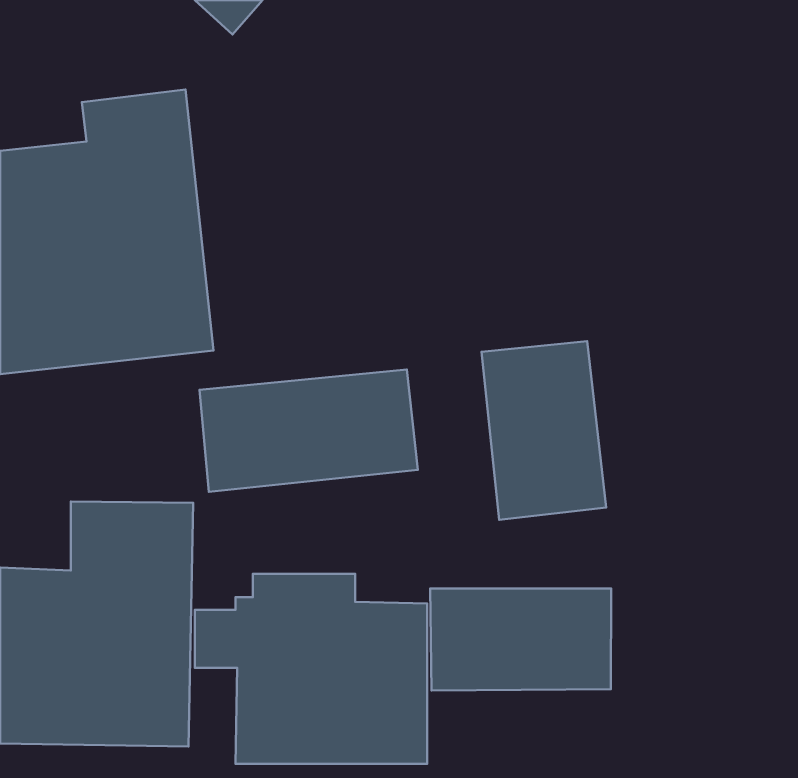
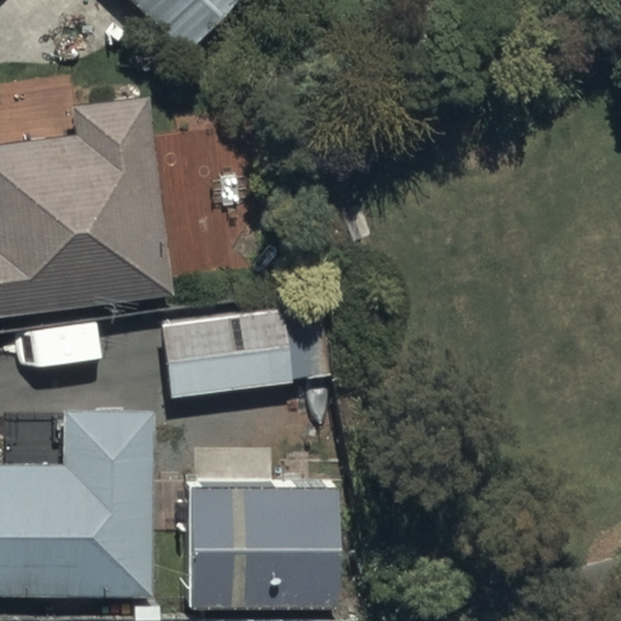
building: [482,341,606,520] -> none
building: [430,588,611,690] -> none

